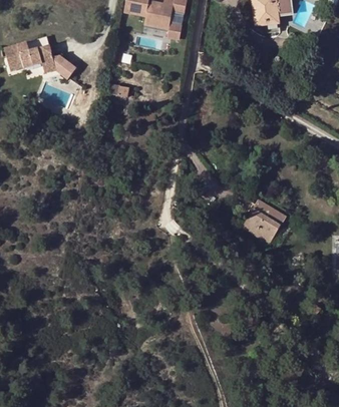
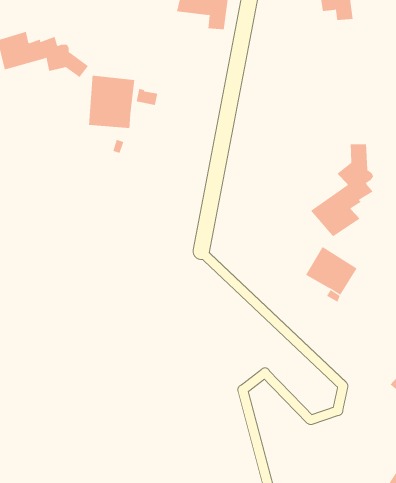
building: none -> [89,75,135,129]
building: none -> [310,143,374,237]

